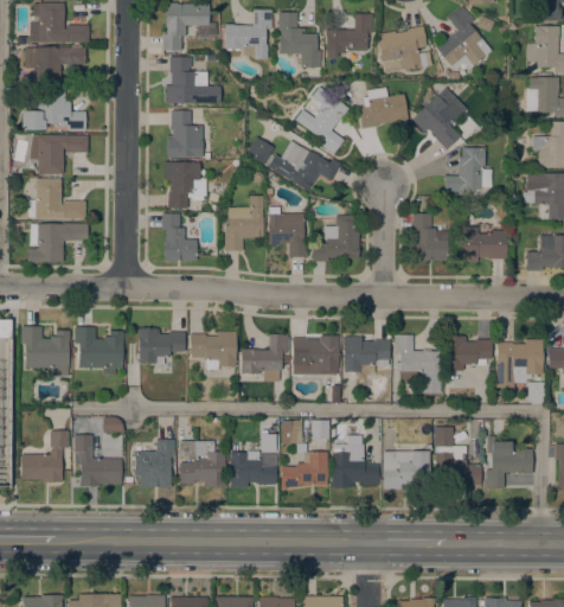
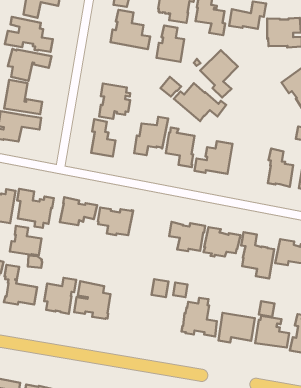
building: [359,87,409,128] -> none
building: [168,110,203,156] -> [156,26,184,62]
building: [242,333,288,381] -> none
building: none -> [10,226,42,255]
building: [282,451,328,488] -> none
building: [230,452,276,487] -> none

